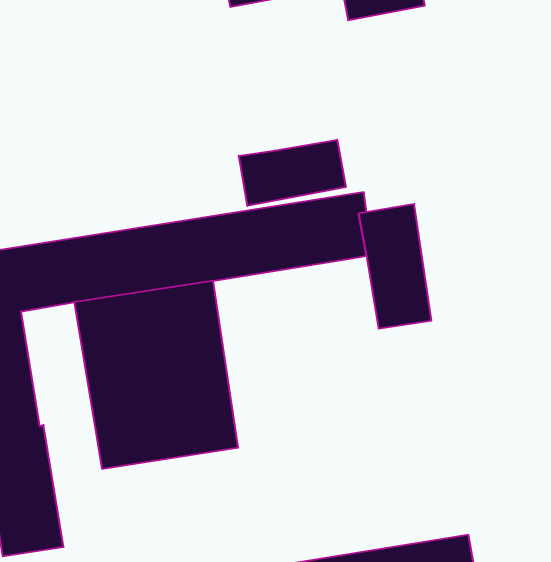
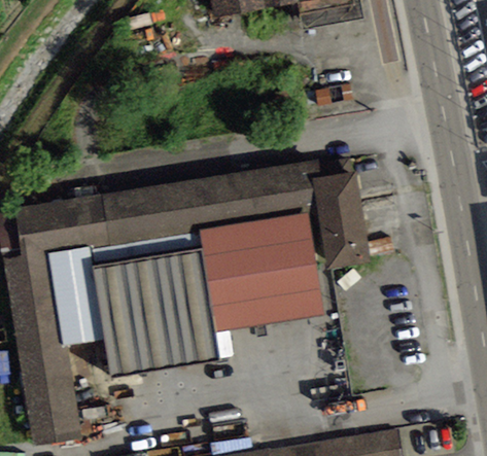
building: [239,140,346,206] -> none
building: none -> [199,213,323,332]
building: none -> [49,247,106,344]

